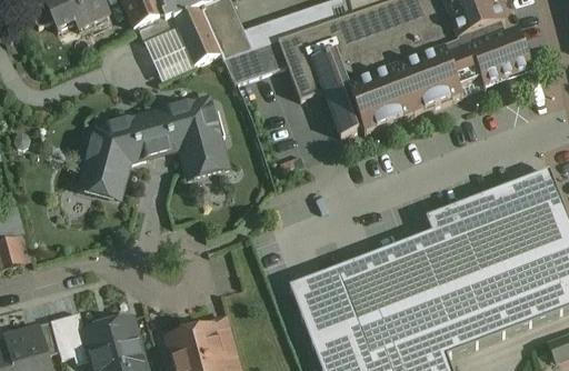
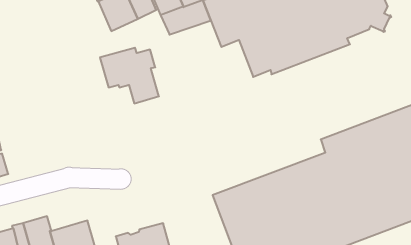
building: [86,110,158,188] -> none

